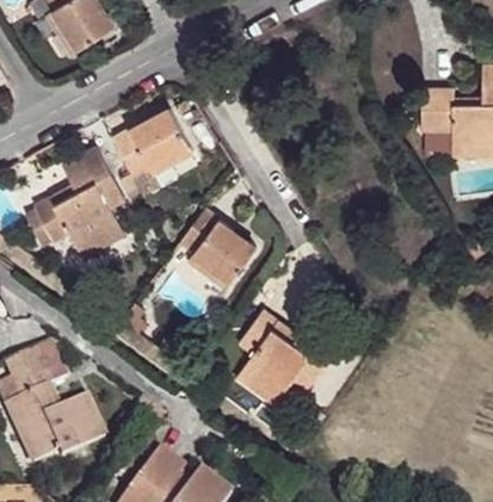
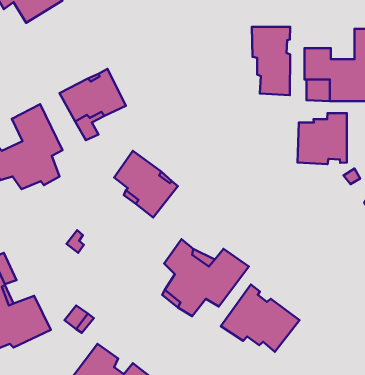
building: none -> [252,27,290,95]
building: none -> [297,113,347,164]
building: none -> [221,284,300,352]

